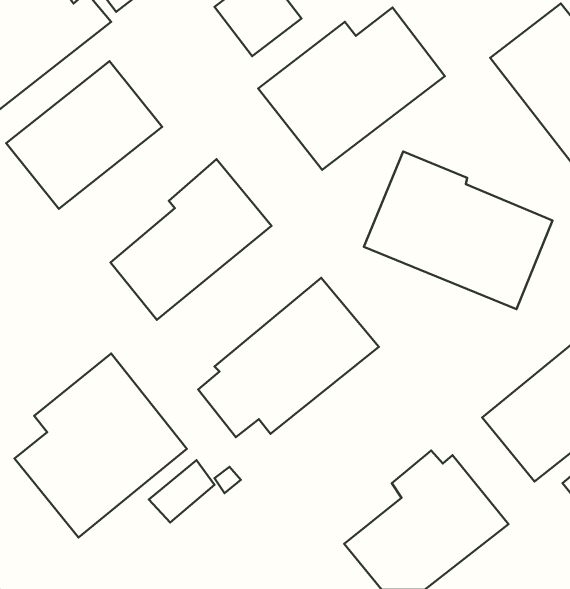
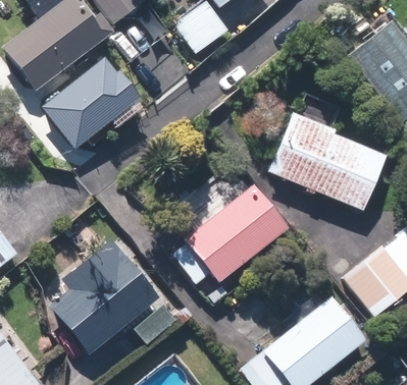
building: [258,7,445,170] -> none
building: [110,159,272,320] -> none

